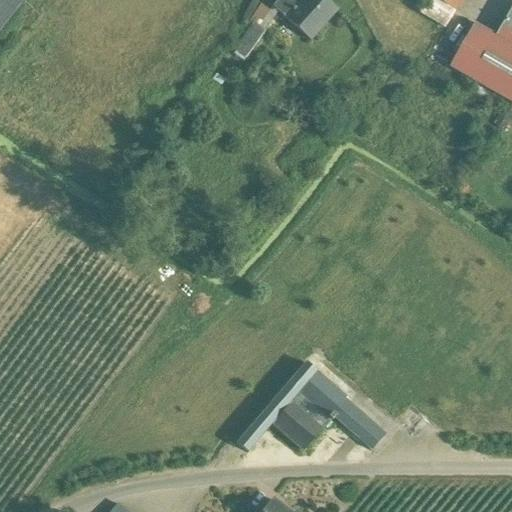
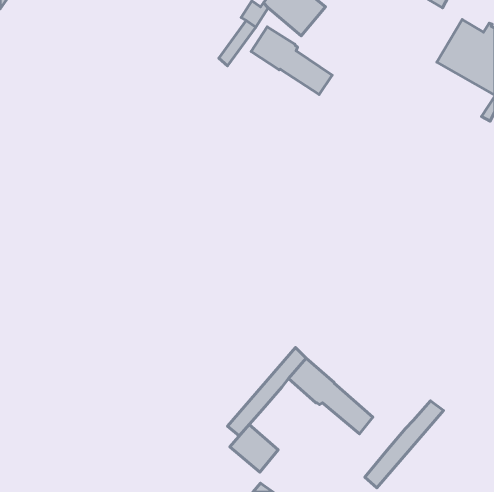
building: none -> [251,27,332,94]
building: [272,399,322,448] -> [230,425,278,472]
building: none -> [365,401,443,488]

